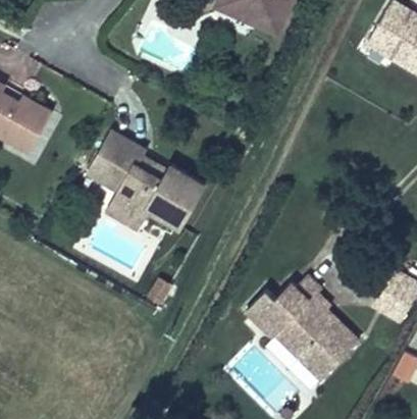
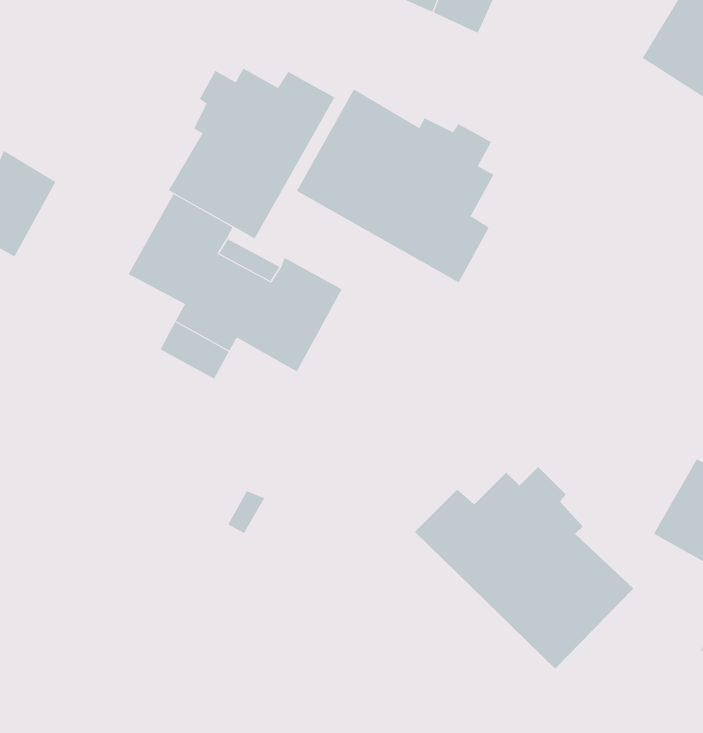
building: none -> [168,68,335,239]
building: none -> [296,89,494,283]

